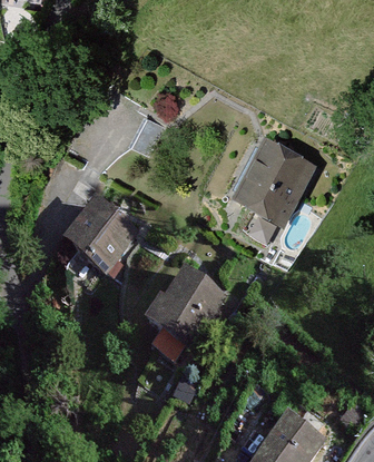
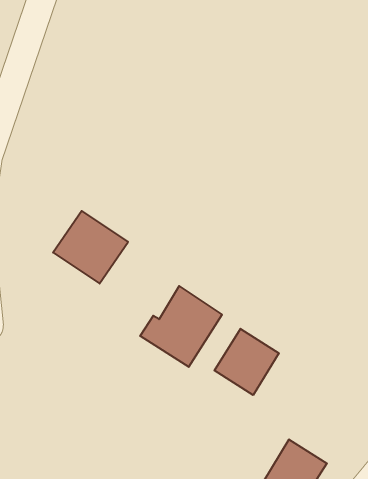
building: [235,145,309,226] -> none
building: none -> [214,329,279,395]

